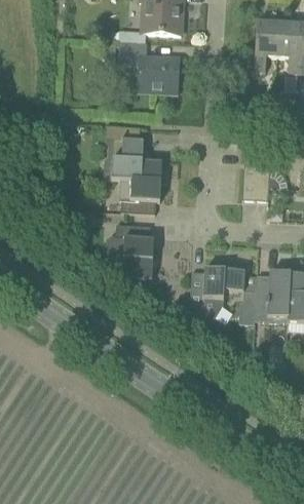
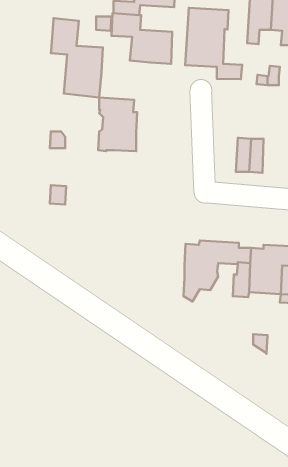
building: none -> [185,8,242,79]
building: none -> [51,18,103,98]
building: [120,159,162,212] -> none
building: [108,224,154,278] -> none

